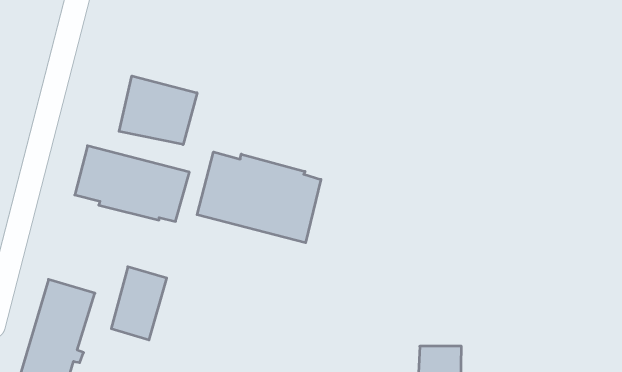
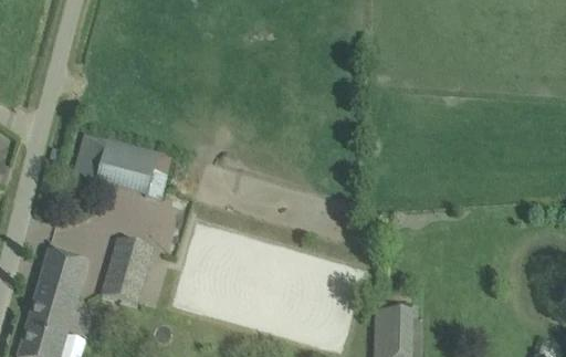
building: [119,76,197,145] -> none
building: [197,152,321,243] -> none

